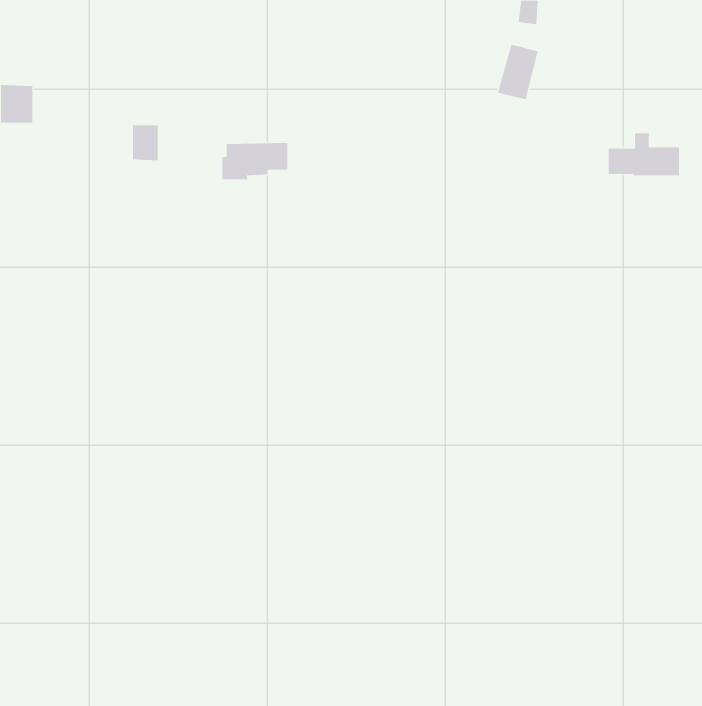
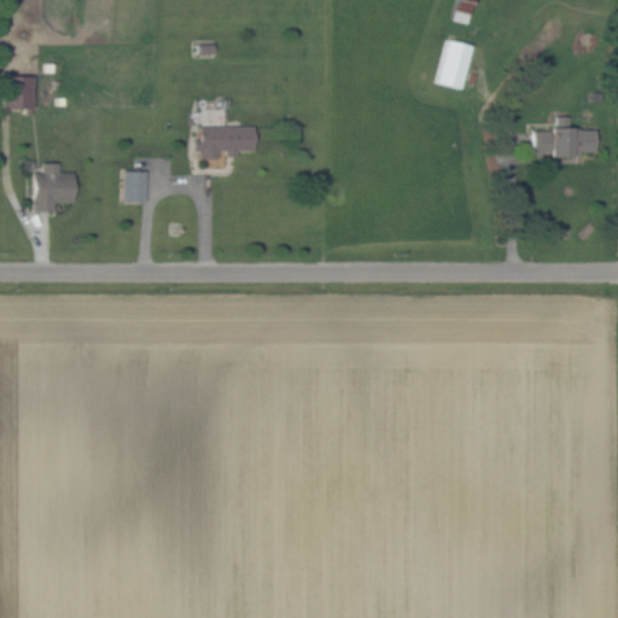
building: [132,125,158,161] -> [126,170,148,202]
building: none -> [34,162,75,211]

